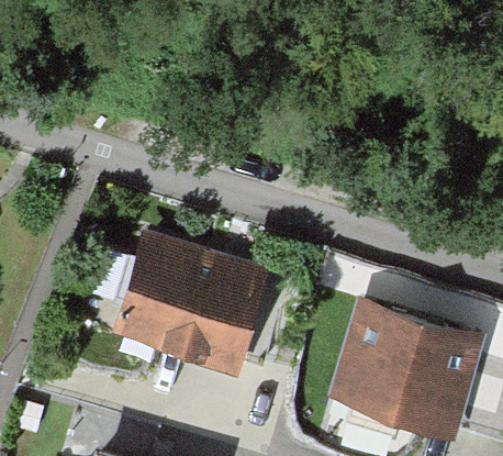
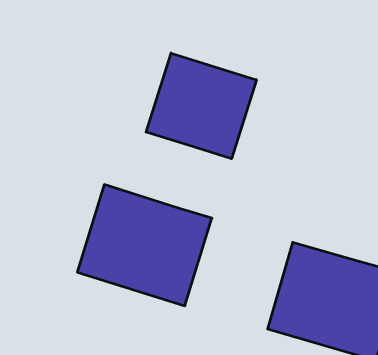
building: none -> [146,53,256,159]

